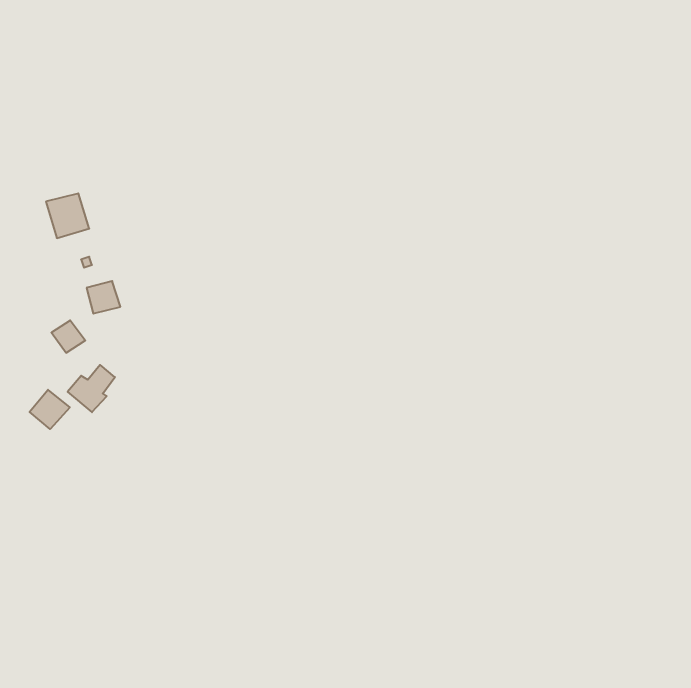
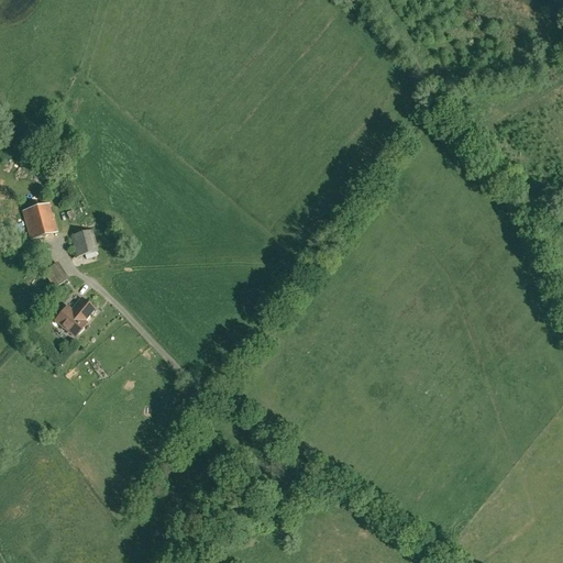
building: [46,193,89,238] -> [22,202,57,239]
building: [30,390,70,429] -> none

